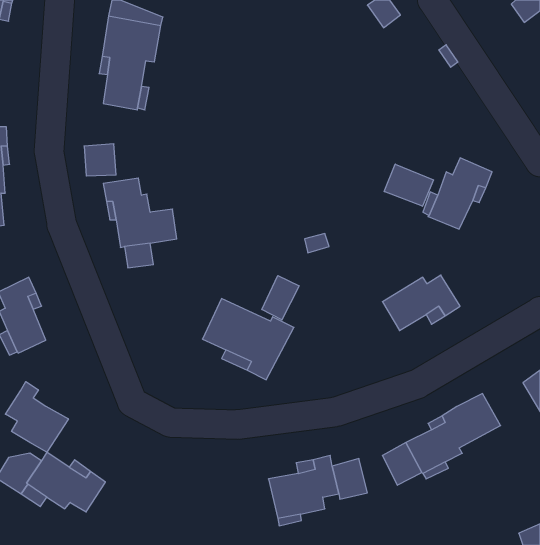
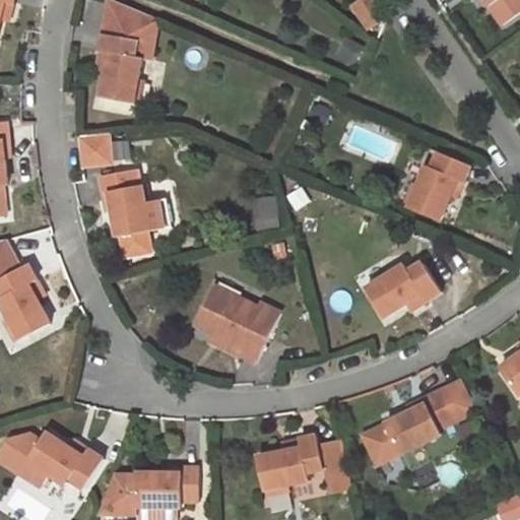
building: [384,164,434,206] -> none
building: [262,276,299,320] -> none
building: [5,382,68,452] -> none
building: none -> [96,464,196,515]

